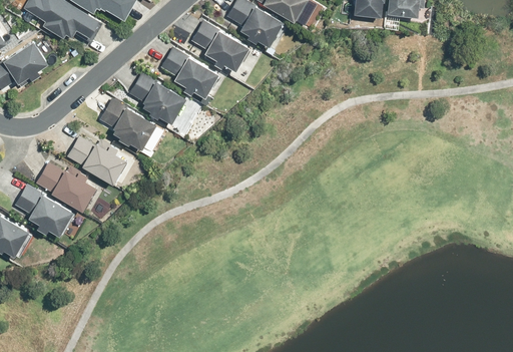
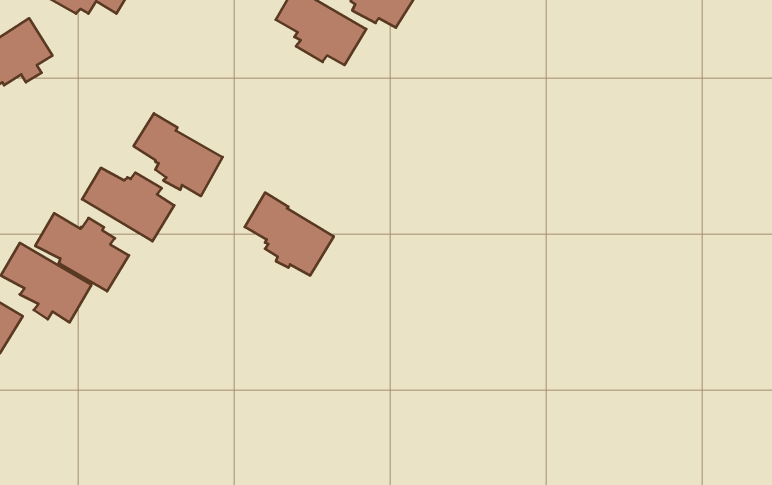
building: [161,47,218,97] -> none
building: [130,75,187,128] -> [245,193,334,275]

